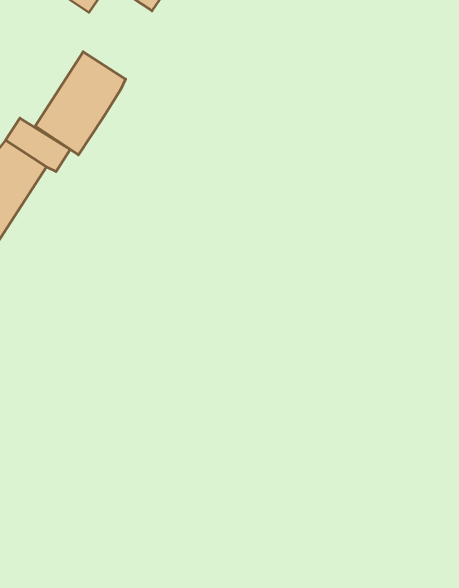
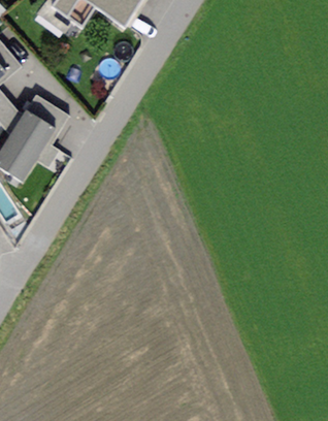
building: [35,52,126,155] -> none

